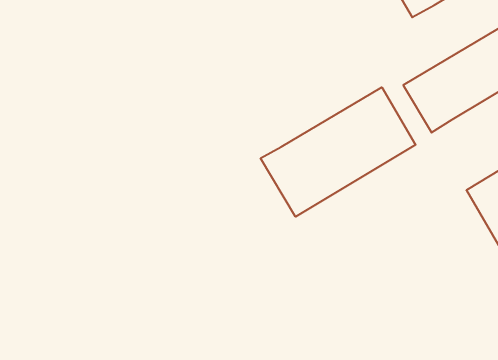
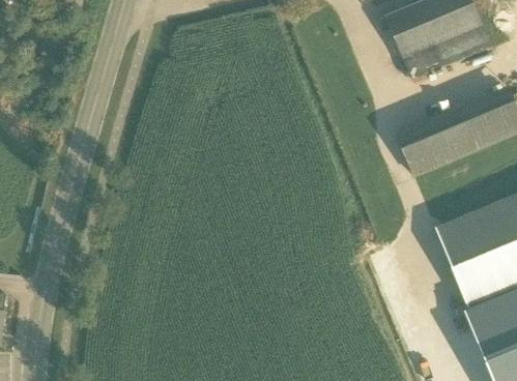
building: [261,87,416,217] -> none

